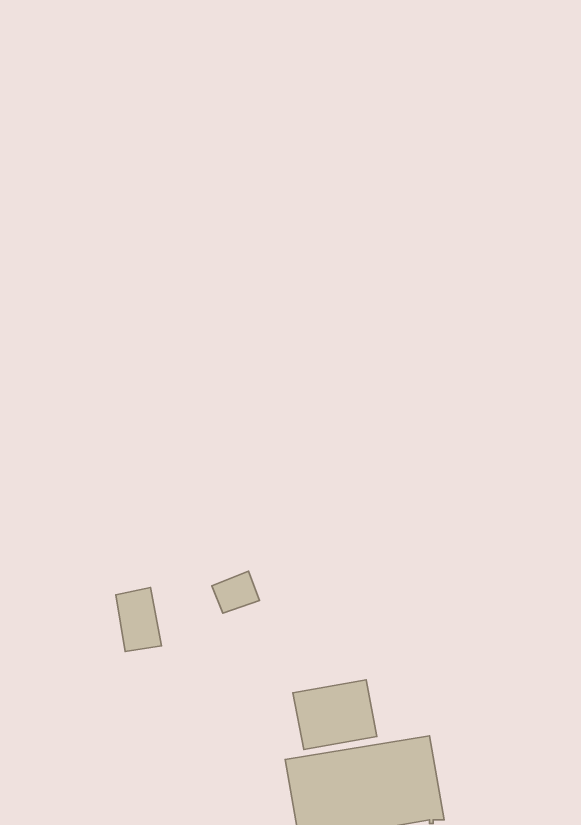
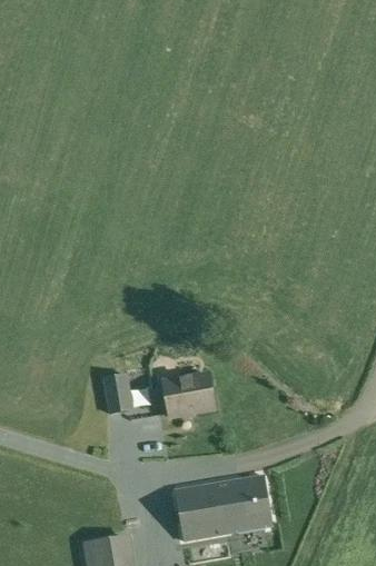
building: [116,587,162,651] -> [103,374,131,413]
building: [293,680,377,749] -> [162,374,214,416]

